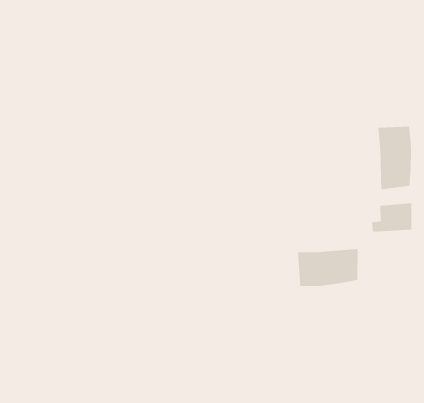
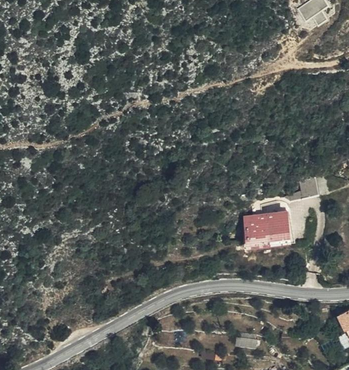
building: [378,126,412,190] -> none

